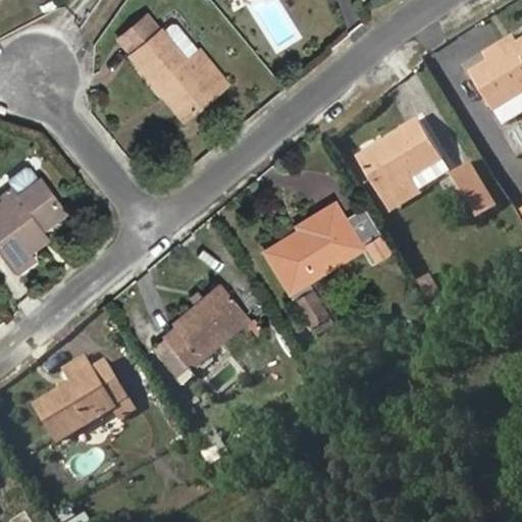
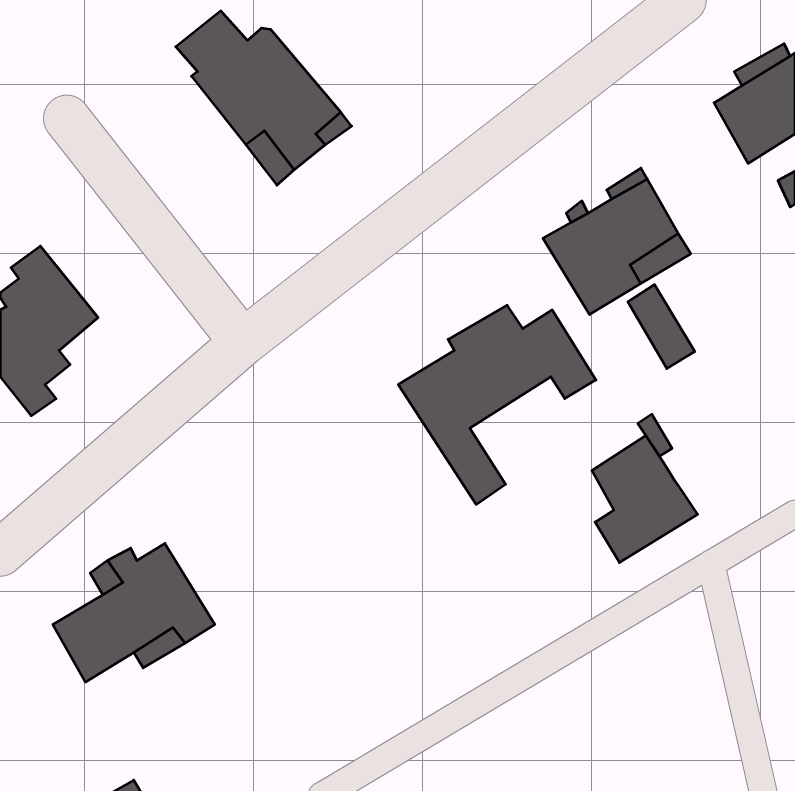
building: [454,162,498,217] -> [628,285,695,369]
building: [160,284,248,373] -> none
building: none -> [592,436,698,563]

